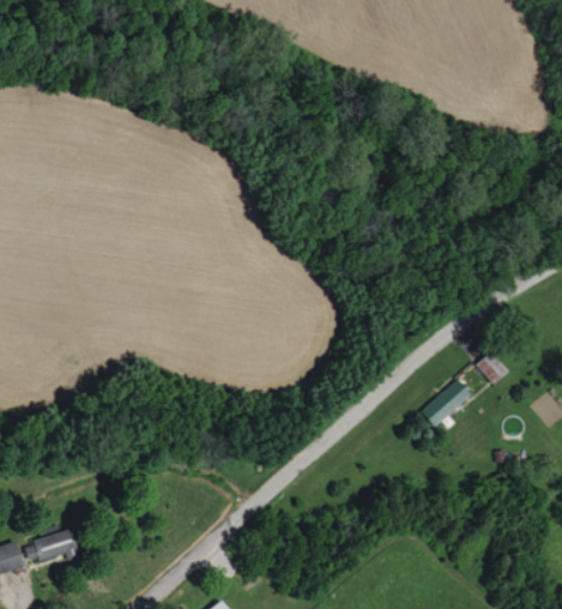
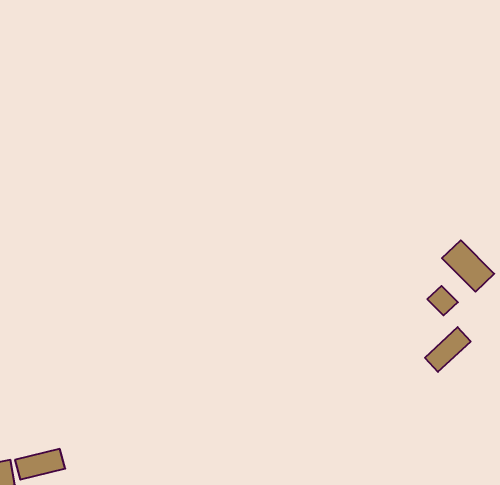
building: none -> [442,240,494,292]
building: [422,378,472,427] -> [425,327,471,372]

